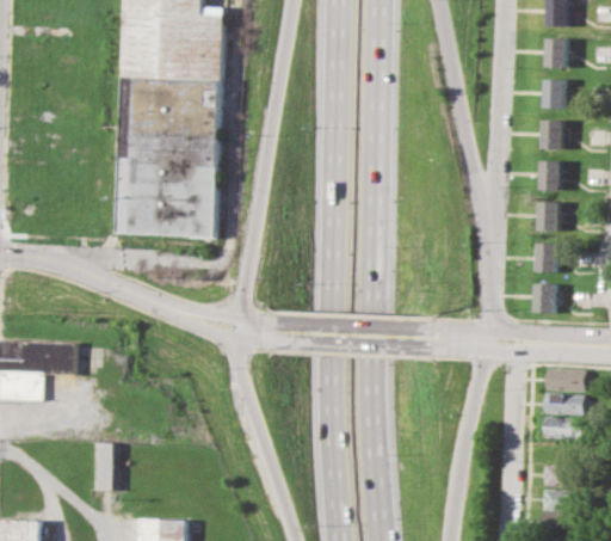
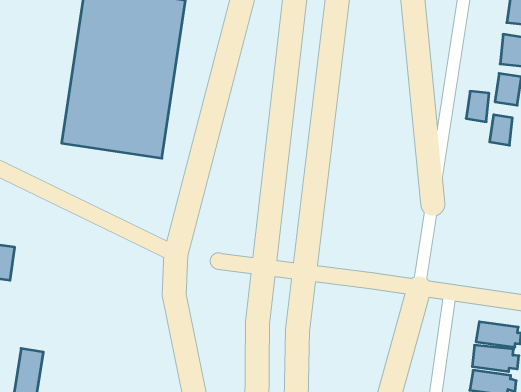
building: [538,202,558,230] -> [466,91,489,122]
building: [536,242,558,272] -> none
building: [535,282,557,313] -> none

